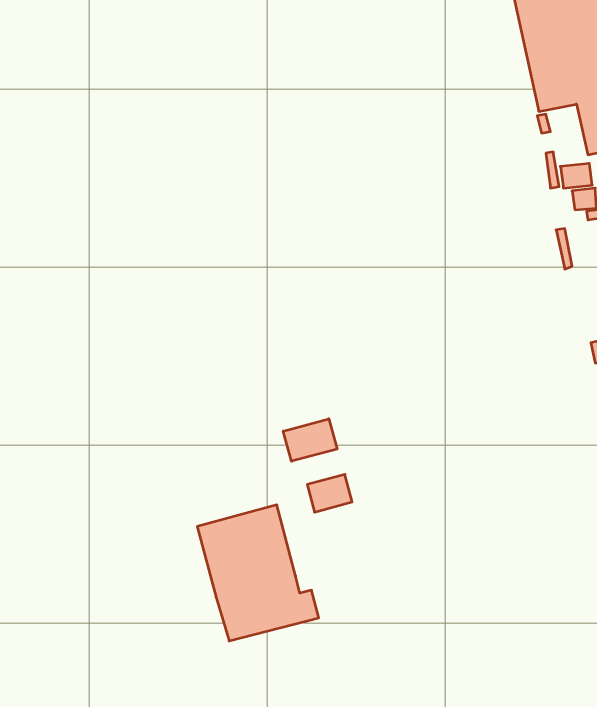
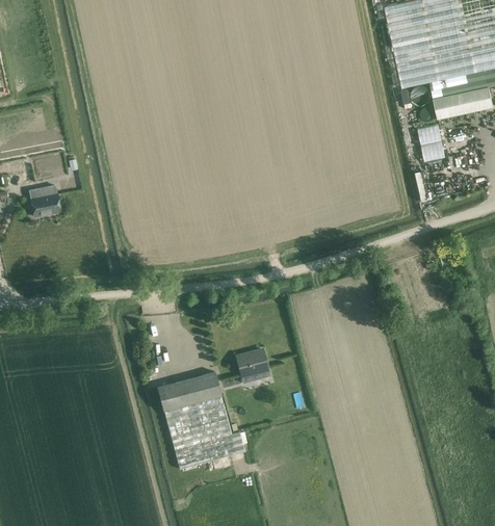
building: none -> [28,184,60,215]
building: [283,419,337,461] -> none

